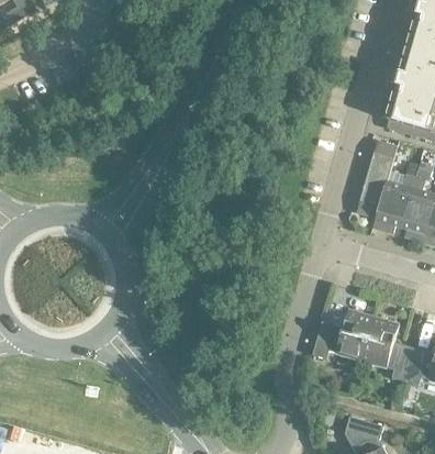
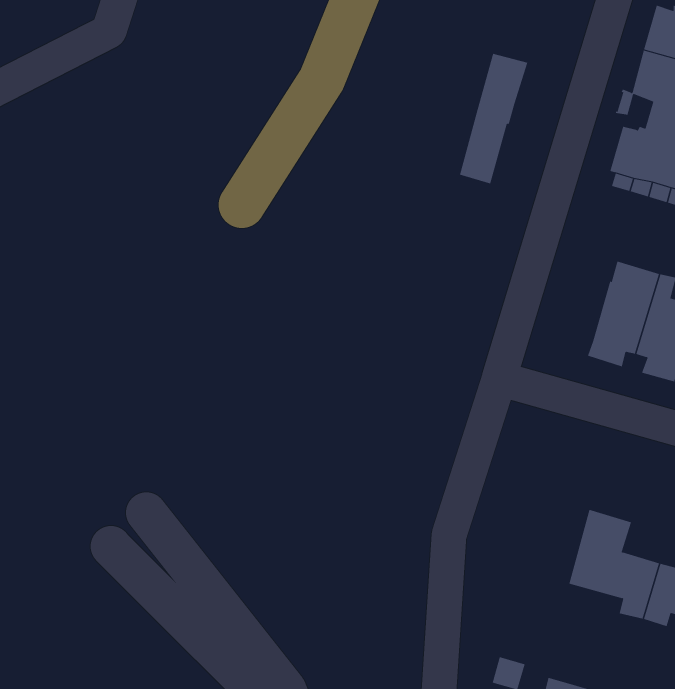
building: [356,140,397,217] -> [459,53,528,184]
building: [311,309,372,359] -> none

